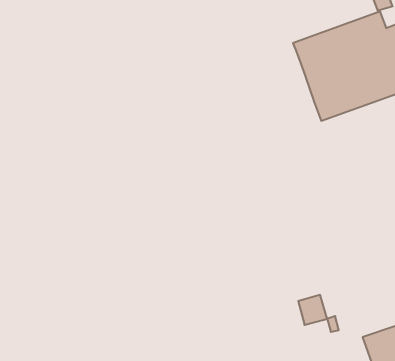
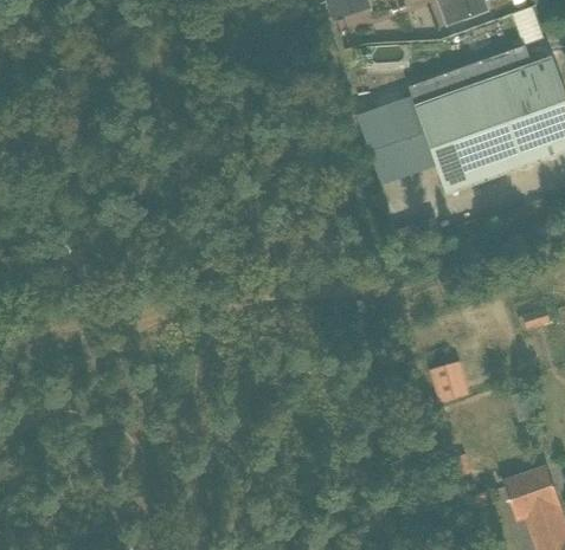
building: none -> [357,95,437,185]
building: [298,295,327,325] -> [430,361,469,401]

